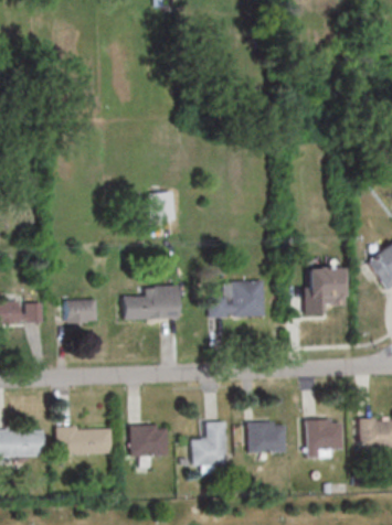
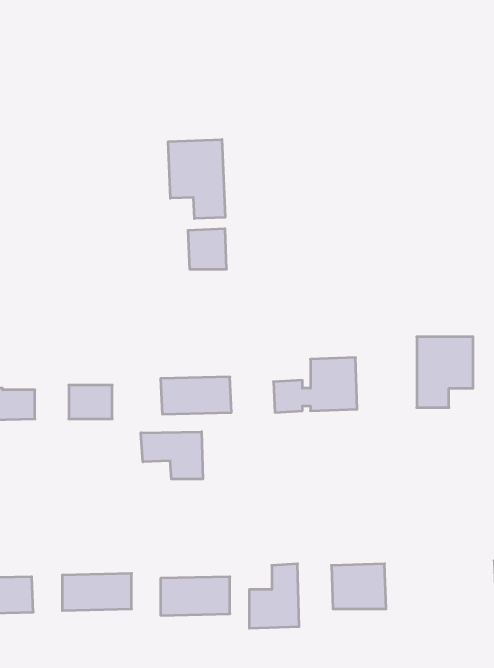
building: none -> [168,139,225,219]
building: none -> [141,432,203,479]
building: [305,418,343,450] -> none

